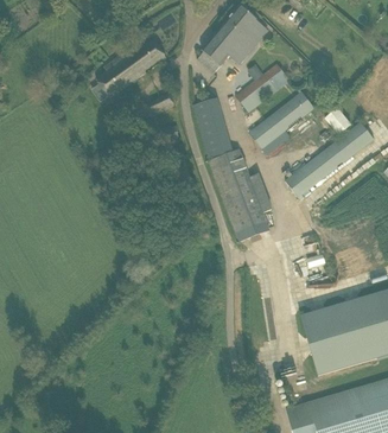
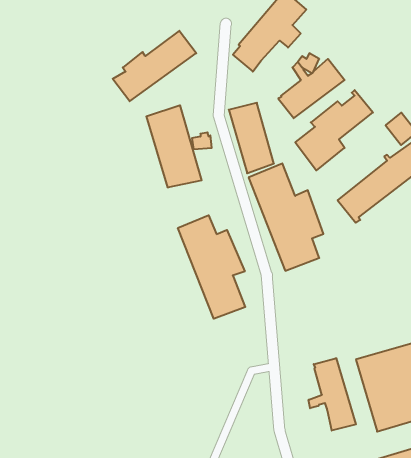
building: none -> [146,105,202,188]
building: none -> [178,215,245,319]
building: none -> [309,358,356,431]

